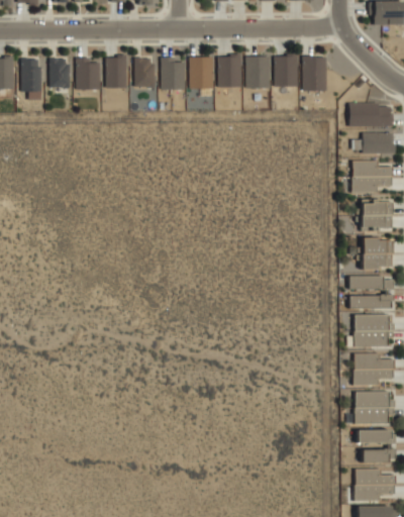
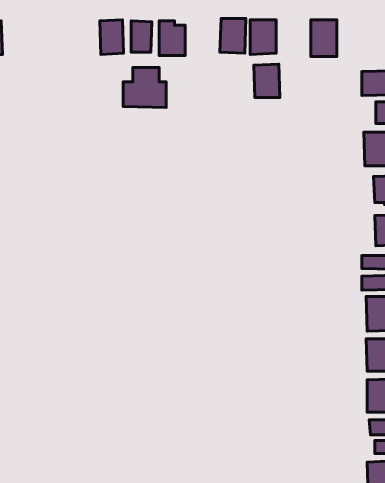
building: [275,55,299,86] -> [254,64,280,98]
building: [190,56,214,88] -> none
building: [22,58,41,99] -> none
building: [50,58,71,87] -> none
building: [77,58,101,89] -> none
building: none -> [123,67,166,108]

